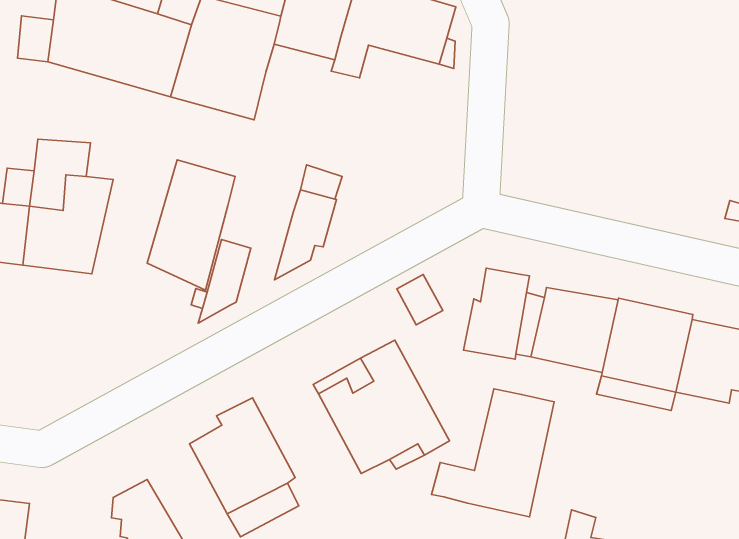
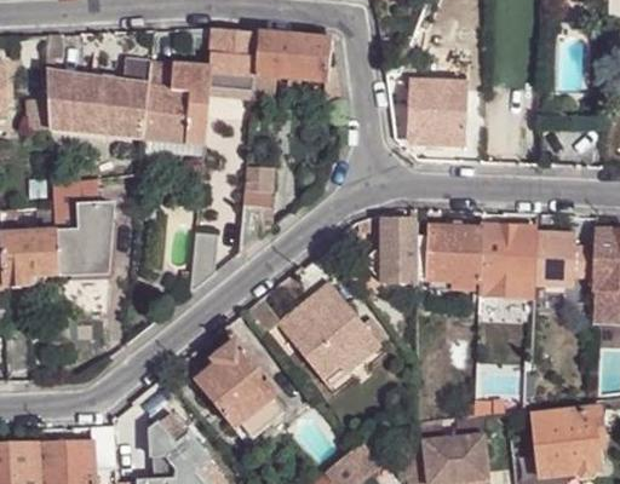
building: none -> [407,81,469,144]
building: [147,160,235,290] -> none
building: [432,389,554,517] -> none

